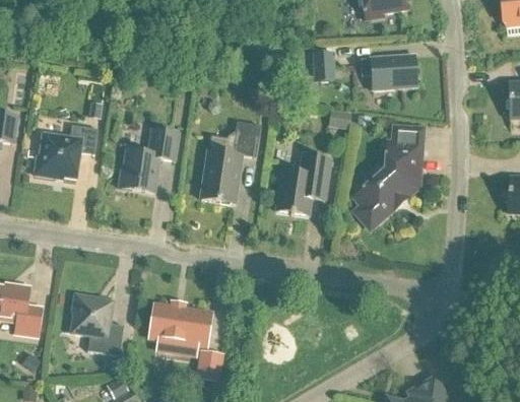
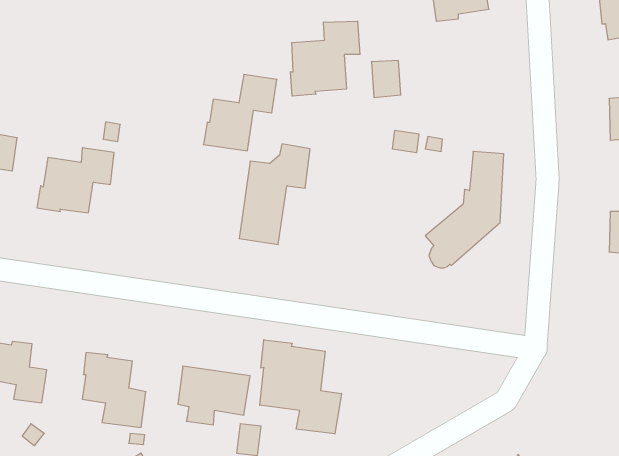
building: none -> [291,21,360,96]
building: [360,54,416,89] -> none
building: [118,129,179,192] -> [203,75,277,151]
building: [275,154,331,215] -> none
building: none -> [260,340,341,434]

